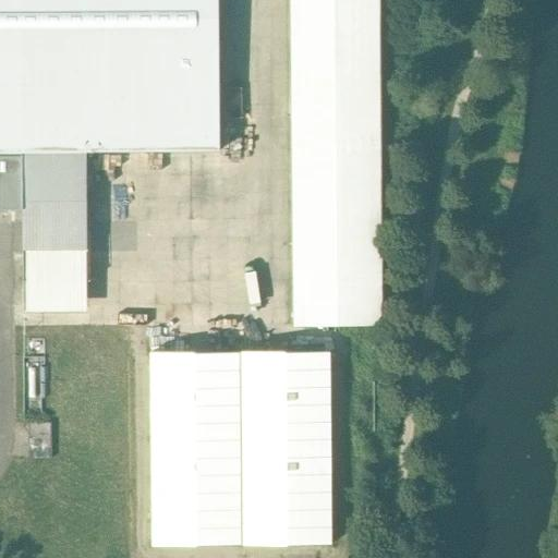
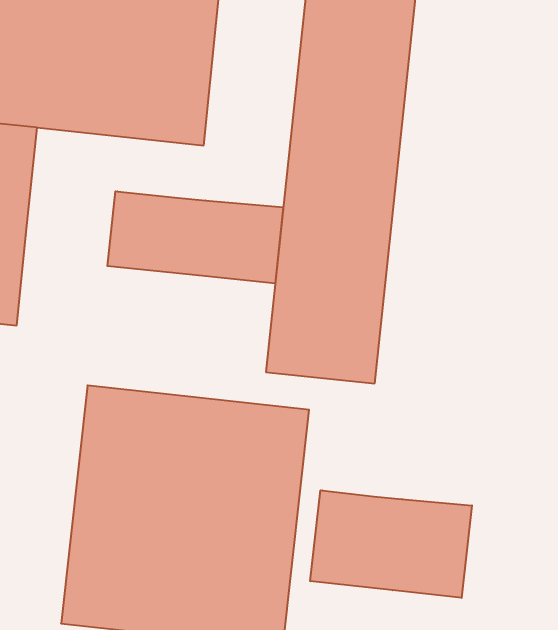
building: none -> [107,191,283,283]
building: none -> [310,490,472,598]

